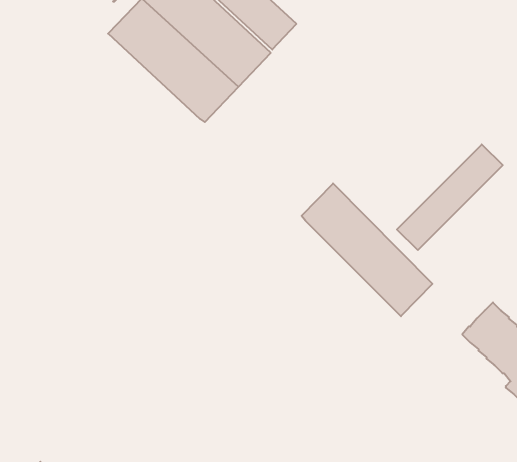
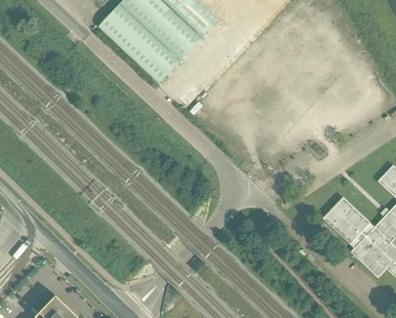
building: [397,144,503,250] -> none
building: [302,183,432,316] -> none

